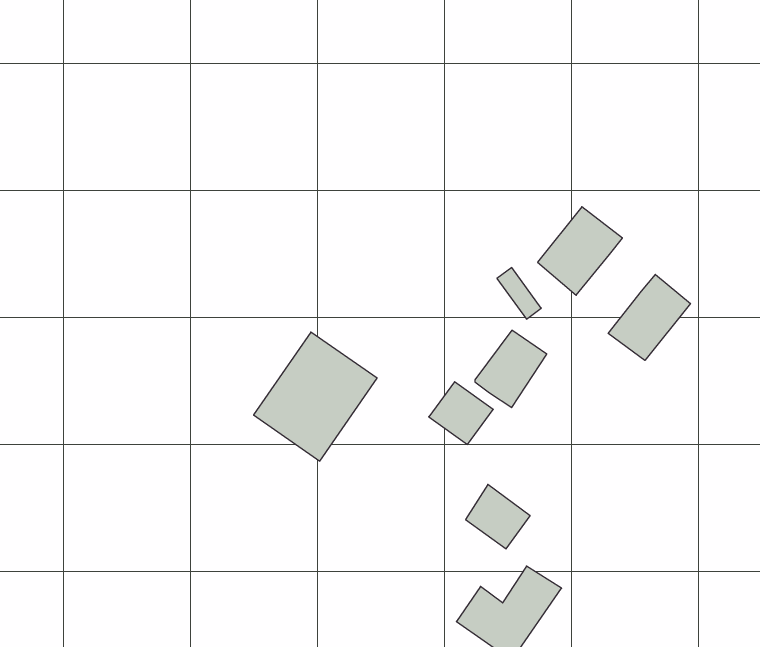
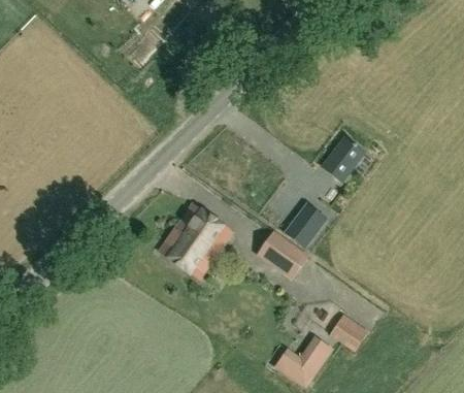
building: [608,274,690,360] -> none
building: [466,484,530,549] -> [332,314,368,350]

